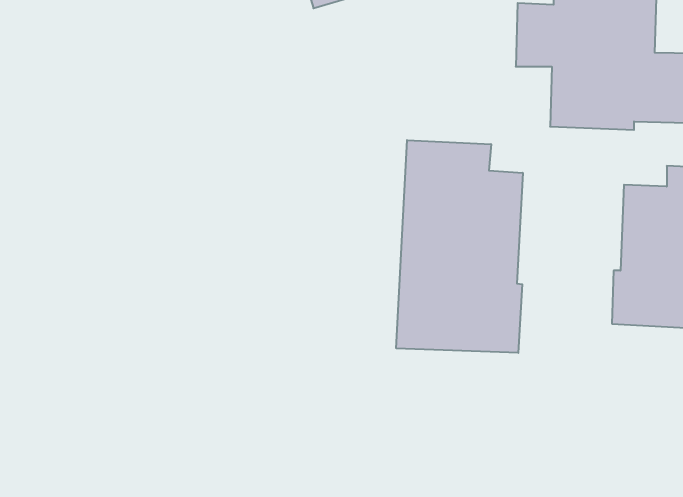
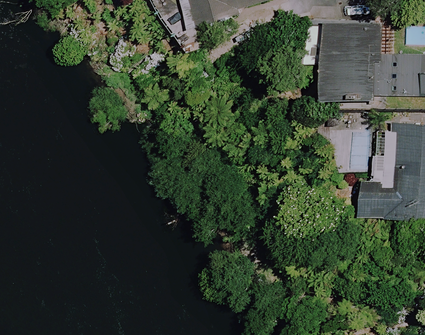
building: [396,140,523,353] -> none

